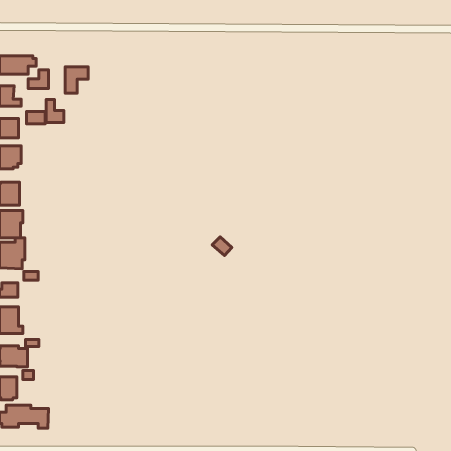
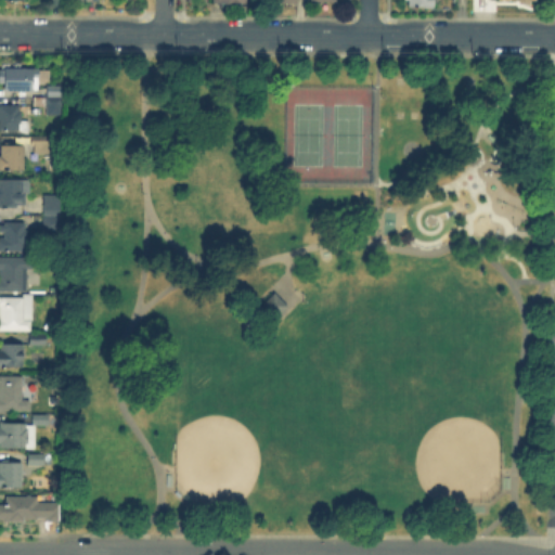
building: [65,67,88,93] -> none
building: [46,100,64,123] -> none
building: none -> [43,196,59,230]

